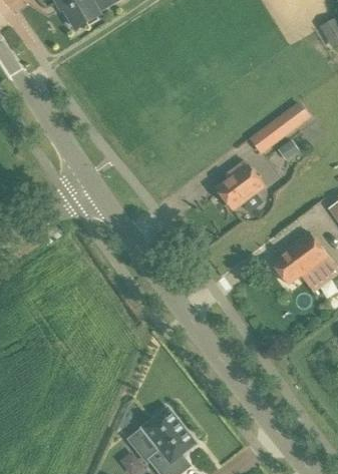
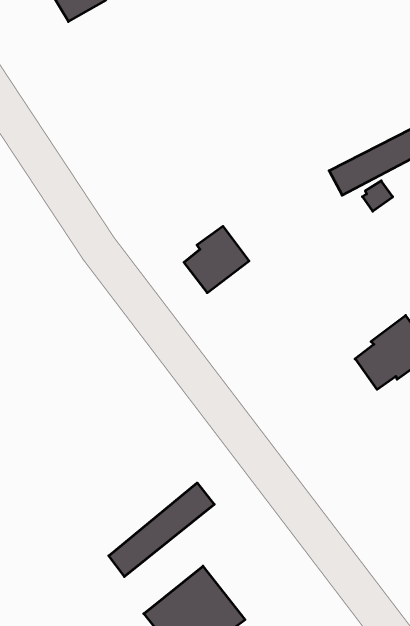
building: [216,162,261,208] -> [184,226,249,293]
building: none -> [109,483,214,577]

